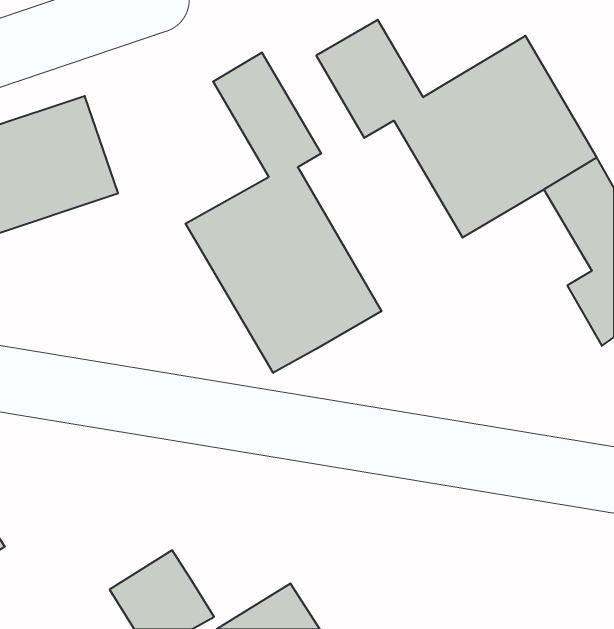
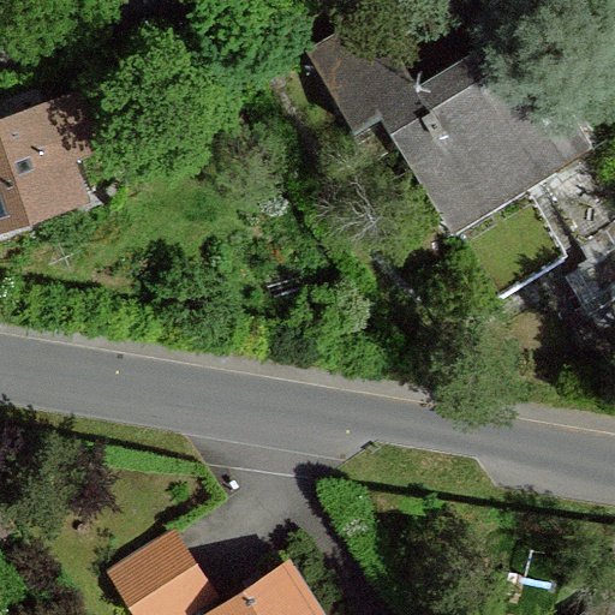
building: [186,52,382,373] -> none

